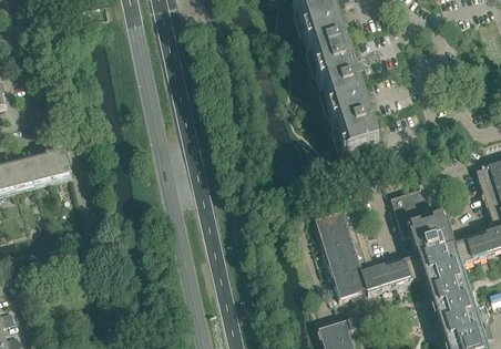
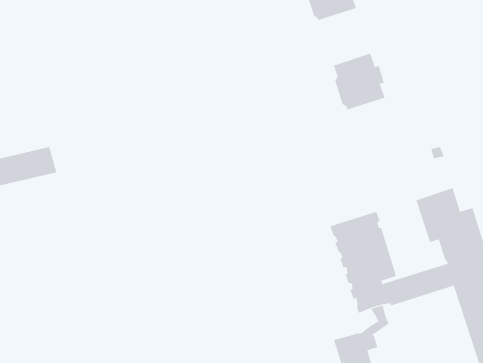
building: [304,25,350,76] -> none
building: [329,105,377,160] -> none

